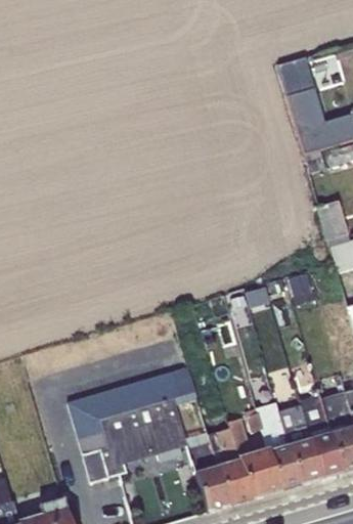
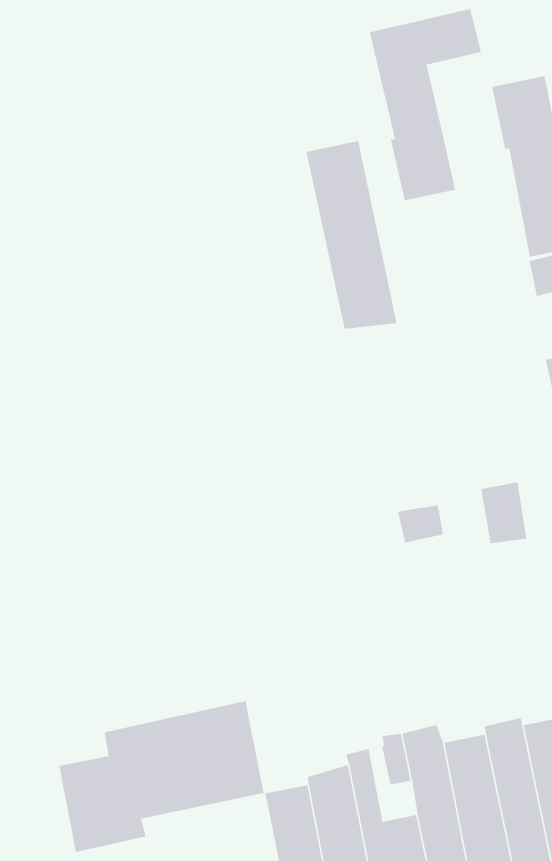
building: none -> [369,8,482,201]
building: none -> [306,140,397,330]
building: [68,365,198,439] -> none

